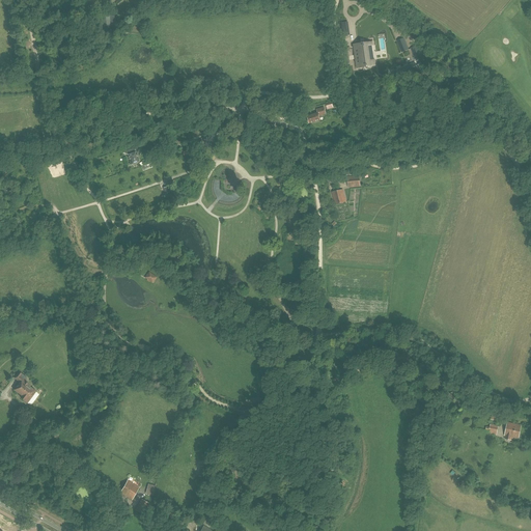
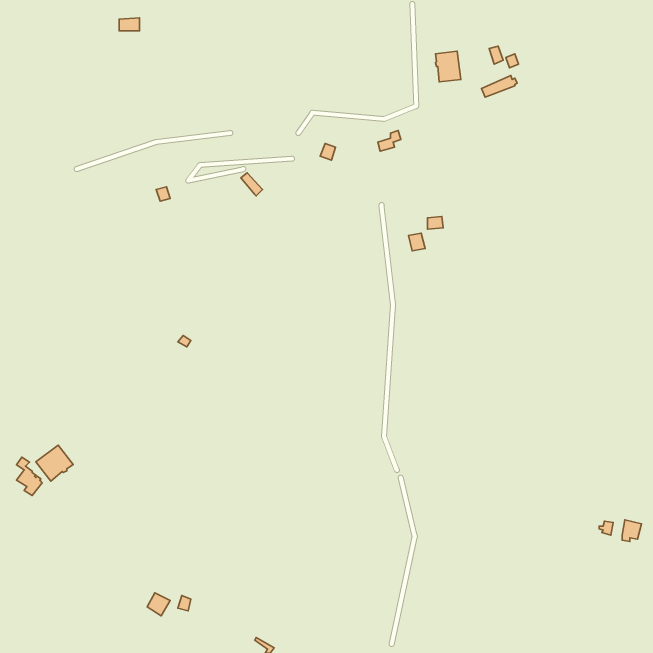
building: none -> [36,445,73,481]

